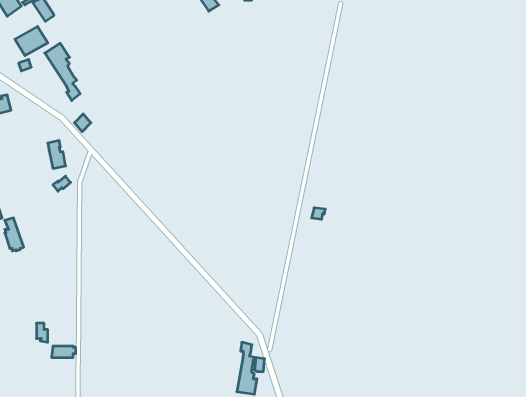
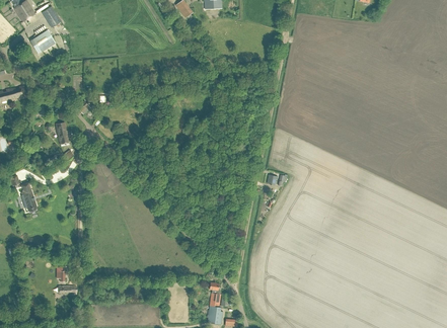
building: [45,43,80,101] -> none

